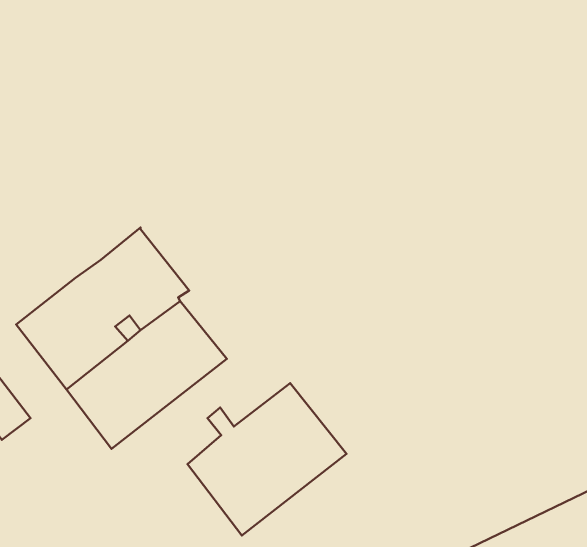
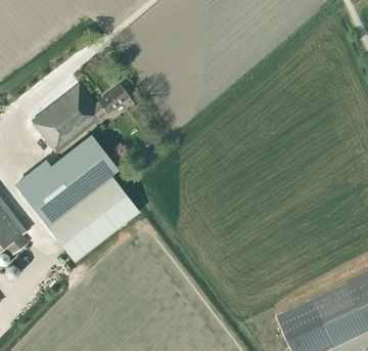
building: none -> [32,82,130,151]
building: [187,383,347,536] -> none

